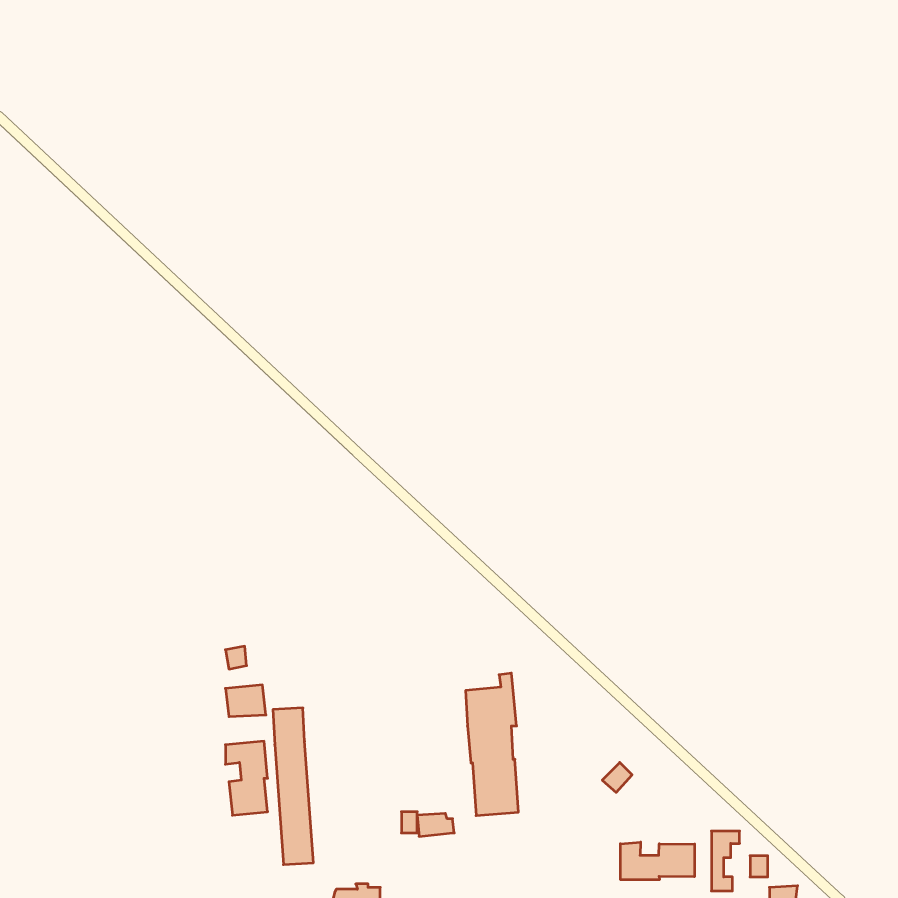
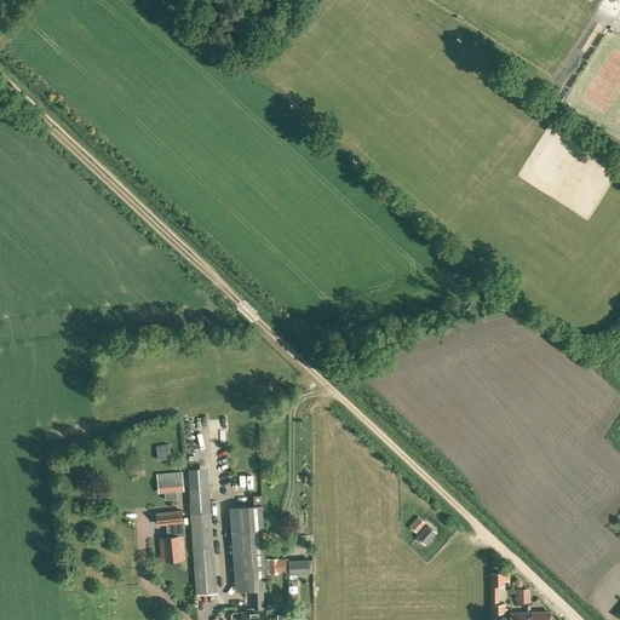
building: [466,673,518,816] -> [229,495,265,593]
building: [620,842,695,880] -> none

